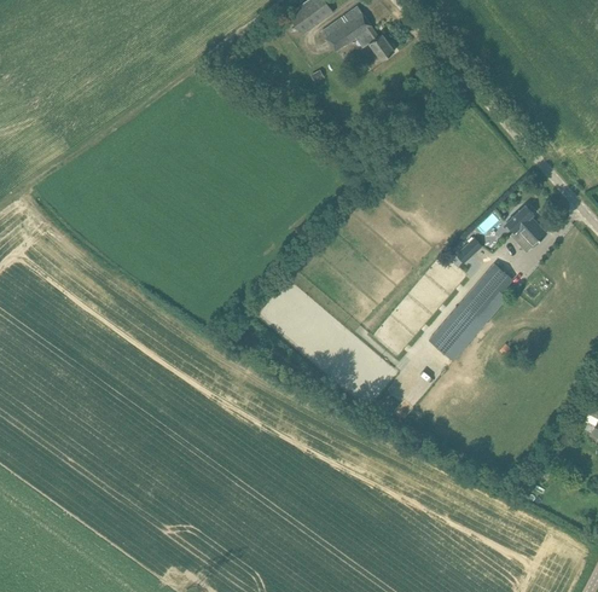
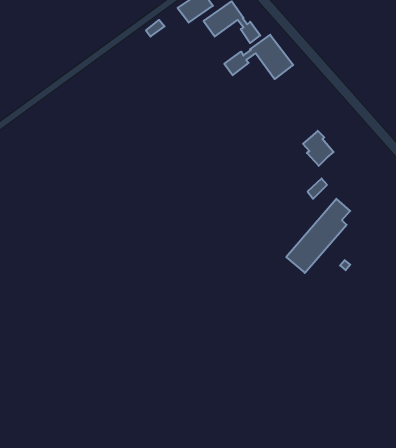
building: none -> [224,35,293,79]
building: [506,205,546,251] -> [303,131,334,166]

